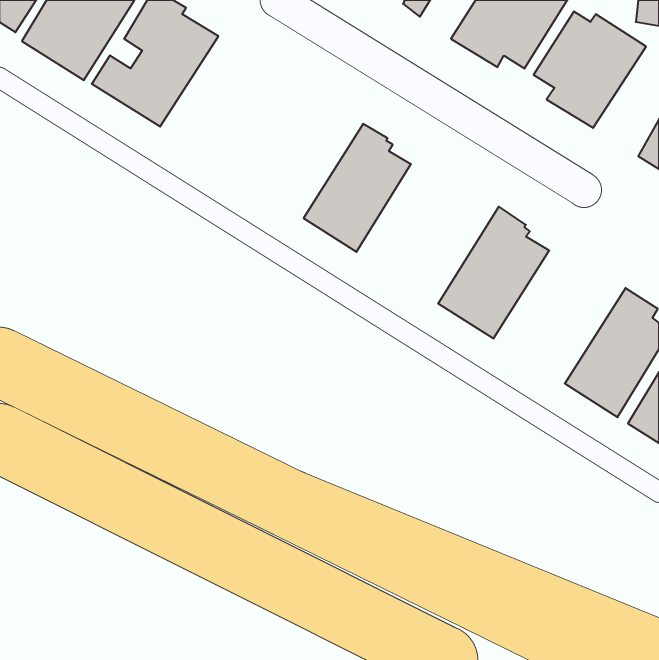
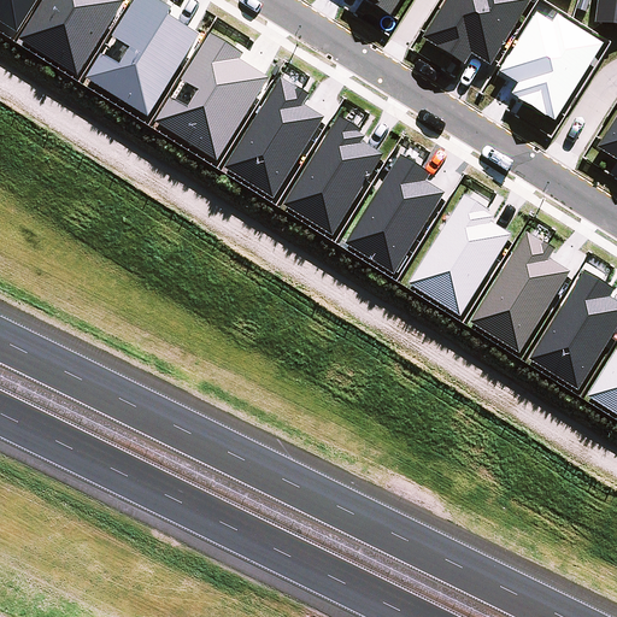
building: none -> [155,31,269,158]
building: none -> [224,77,325,198]
building: none -> [345,153,445,274]
building: none -> [469,233,569,352]

